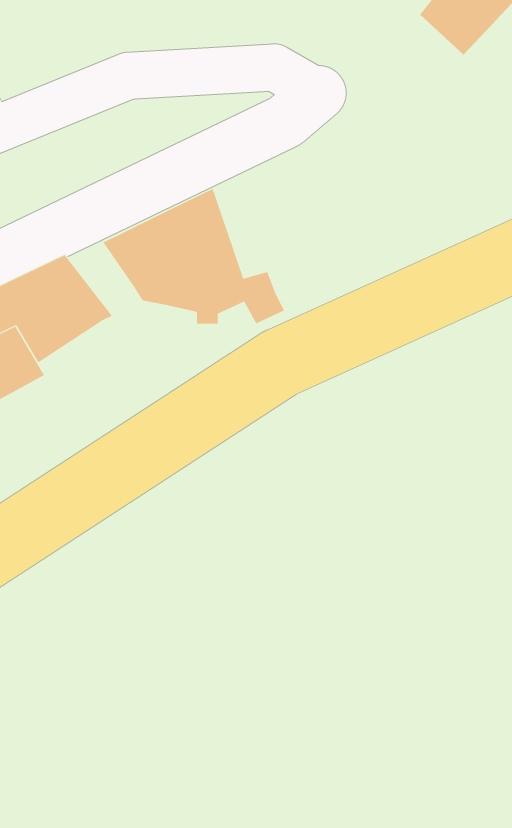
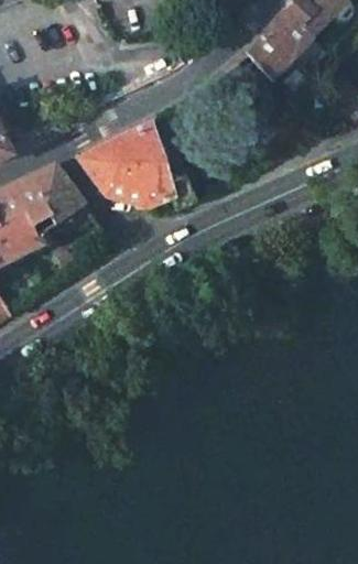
building: none -> [248,10,312,80]

